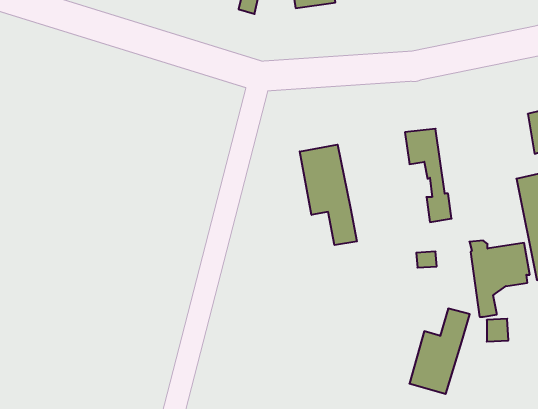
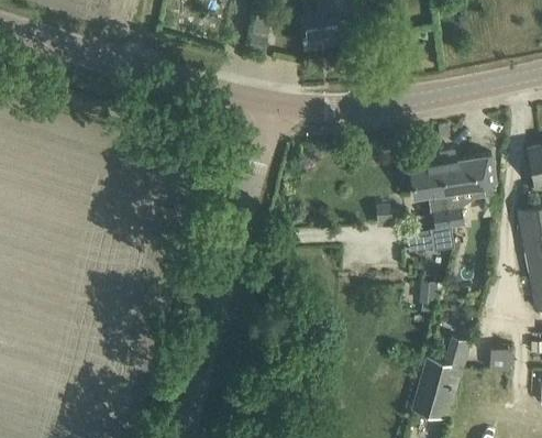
building: [300,145,357,245] -> none
building: [469,241,530,317] -> [438,153,496,227]

